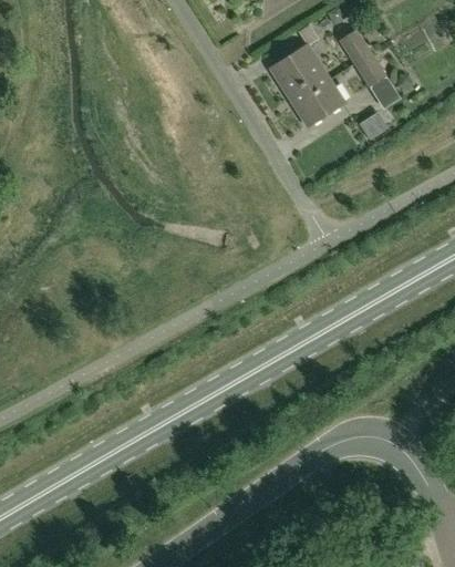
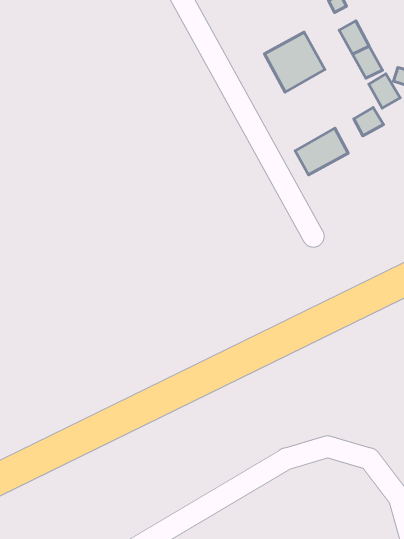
building: [292,79,343,125] -> [295,128,348,175]

